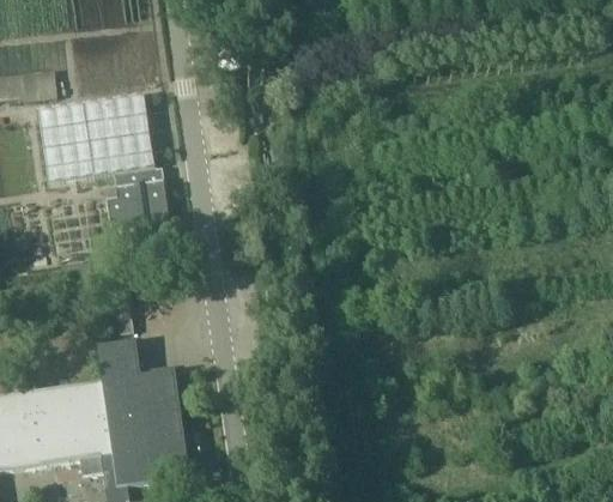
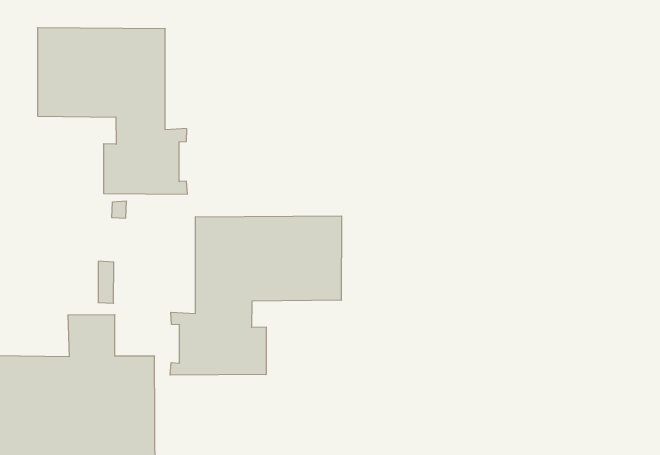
building: none -> [170,216,342,375]

